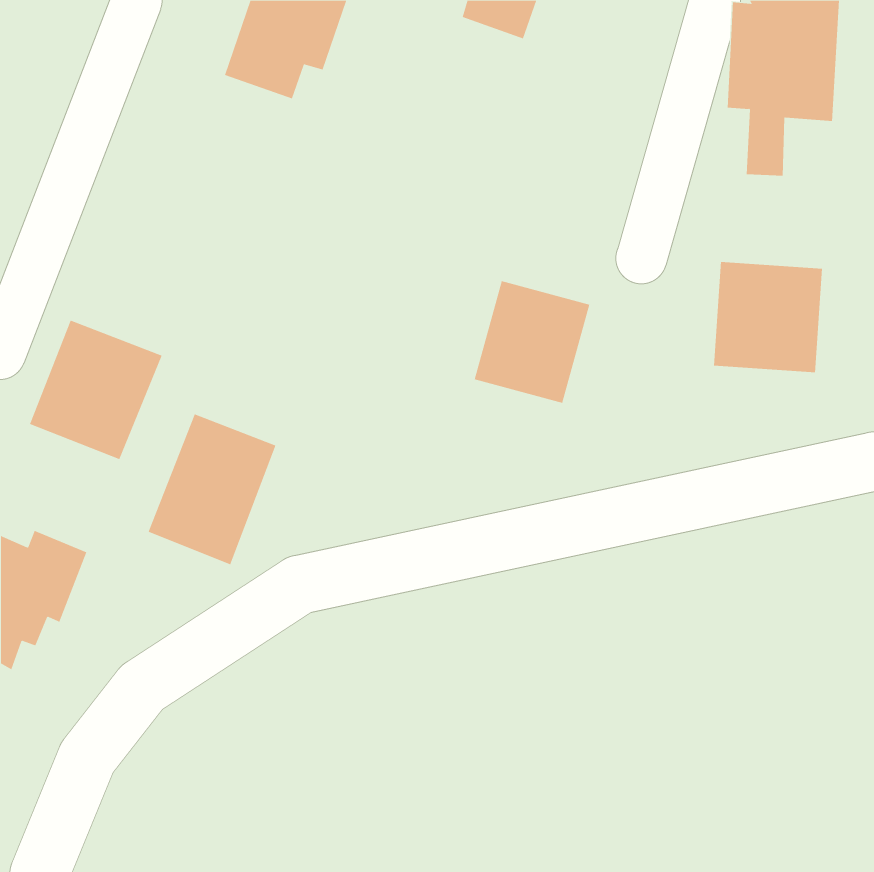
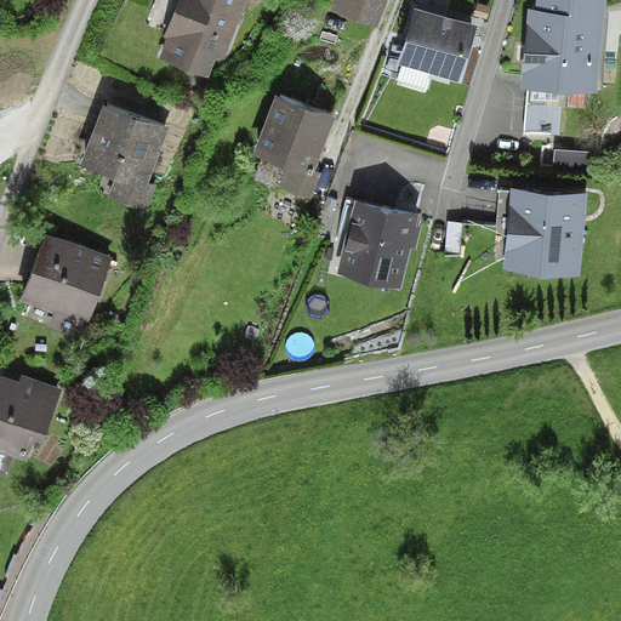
building: none -> [397,12,474,87]
building: none -> [250,91,340,200]
building: none -> [80,101,163,206]
building: [148,413,276,565] -> none

